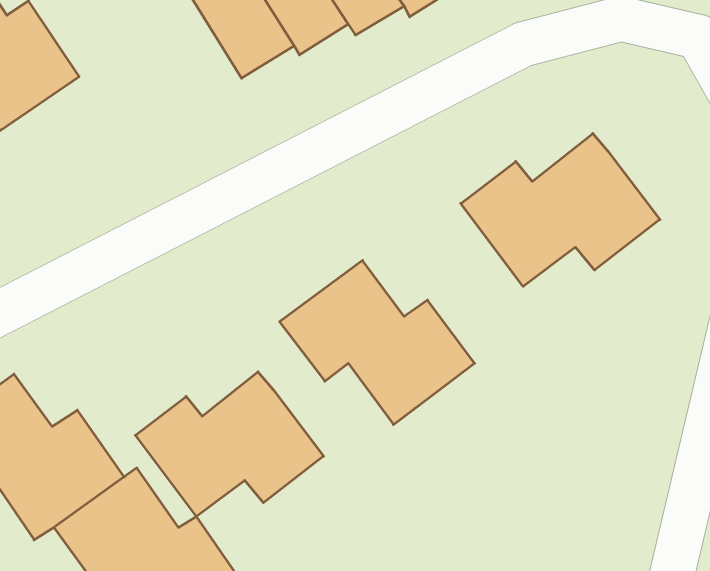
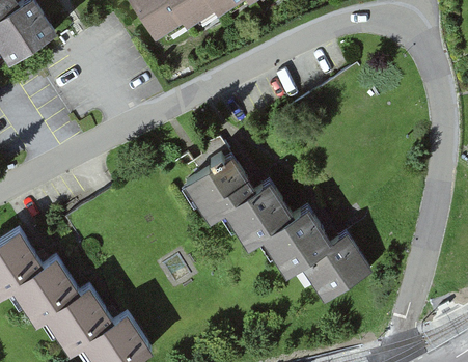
building: [461,133,660,286] -> none
building: none -> [253,204,361,295]
building: [135,372,324,517] -> none

